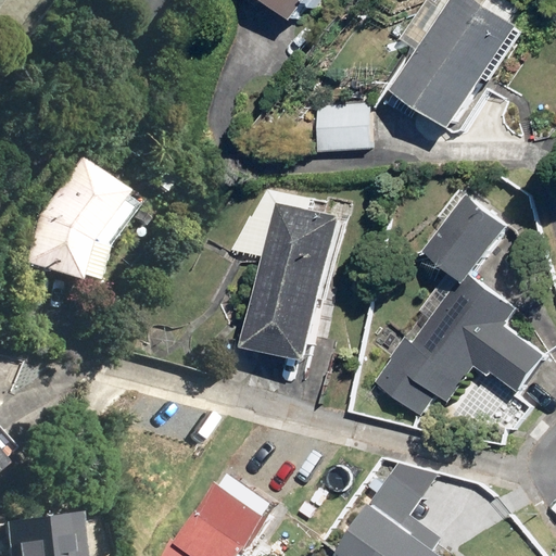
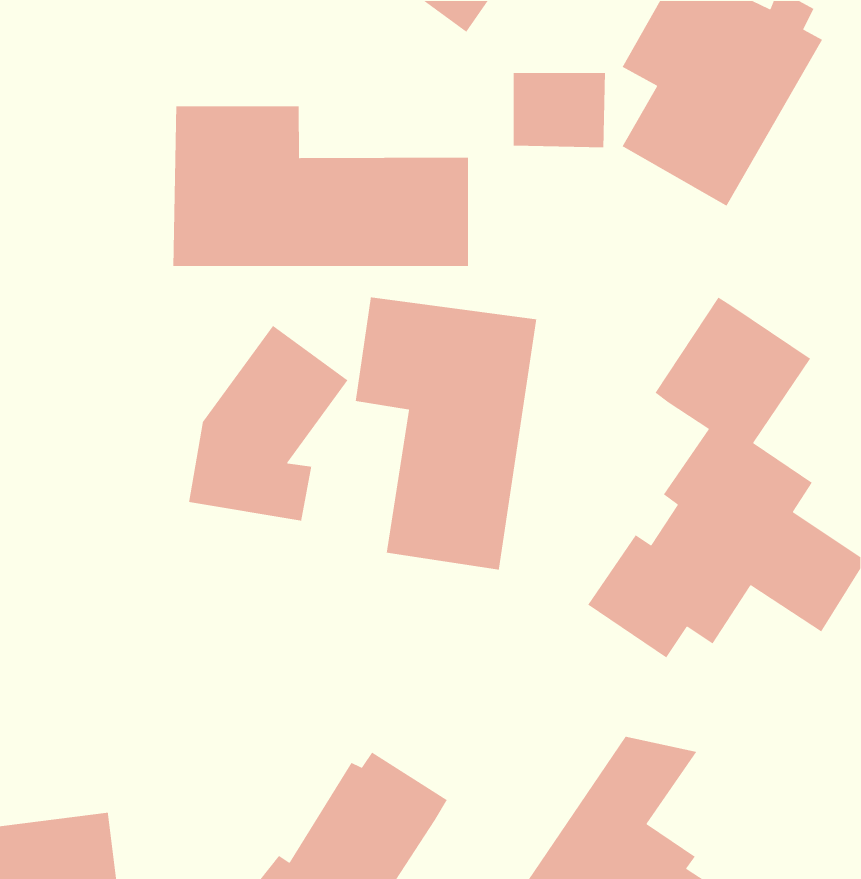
building: none -> [172,106,469,267]
building: [312,105,370,153] -> [513,72,606,148]
building: [16,157,117,281] -> [188,325,348,521]

